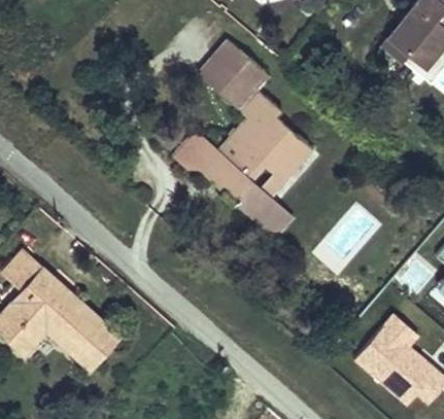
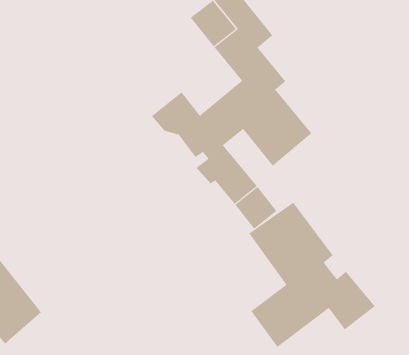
building: none -> [248,202,376,348]

